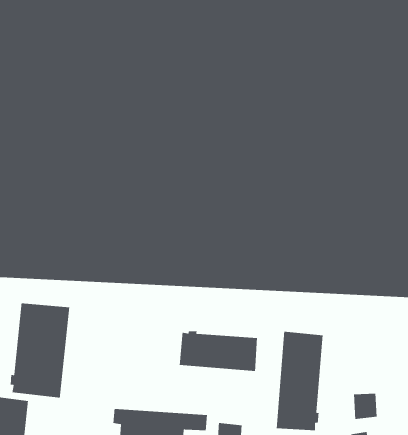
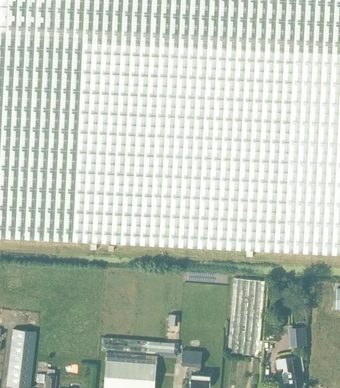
building: [10,302,70,398] -> none
building: [179,331,258,372] -> none

